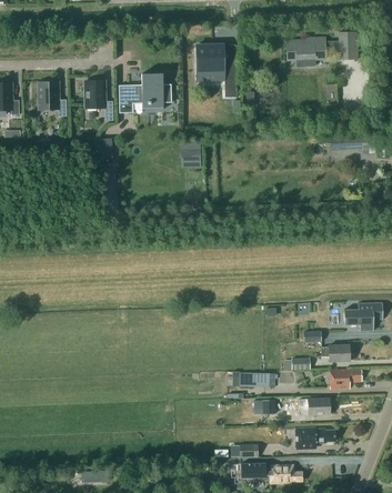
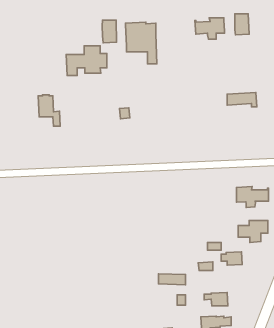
building: none -> [102,20,117,43]
building: [84,79,113,120] -> [38,95,60,126]
building: [38,80,67,115] -> none
building: none -> [236,187,268,207]
building: [329,369,362,389] -> none

